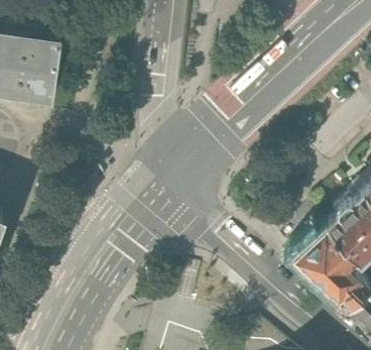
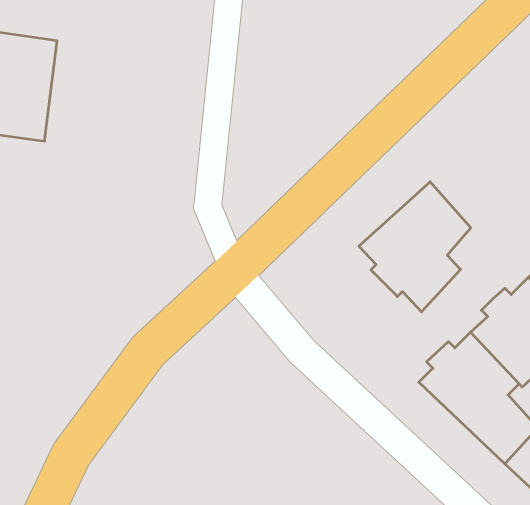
building: none -> [359,182,471,312]

